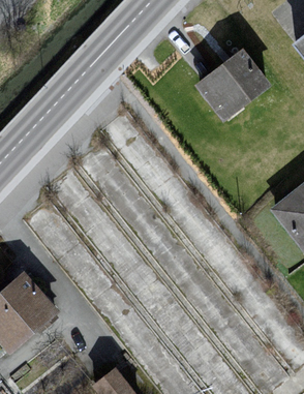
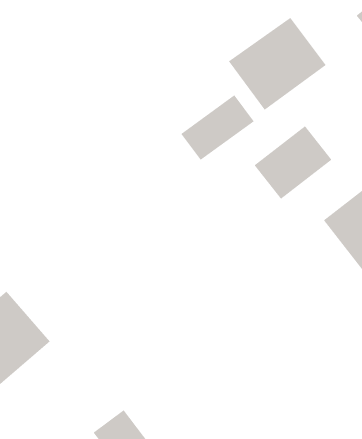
building: none -> [180,94,255,161]
building: none -> [254,125,333,200]

